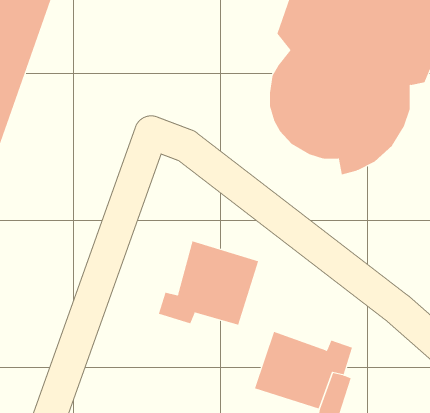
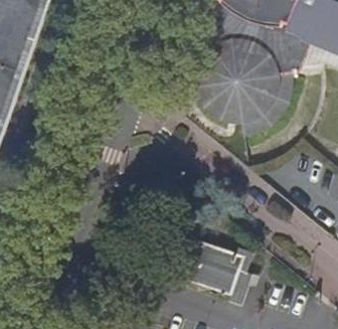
building: [158,241,259,325] -> none

